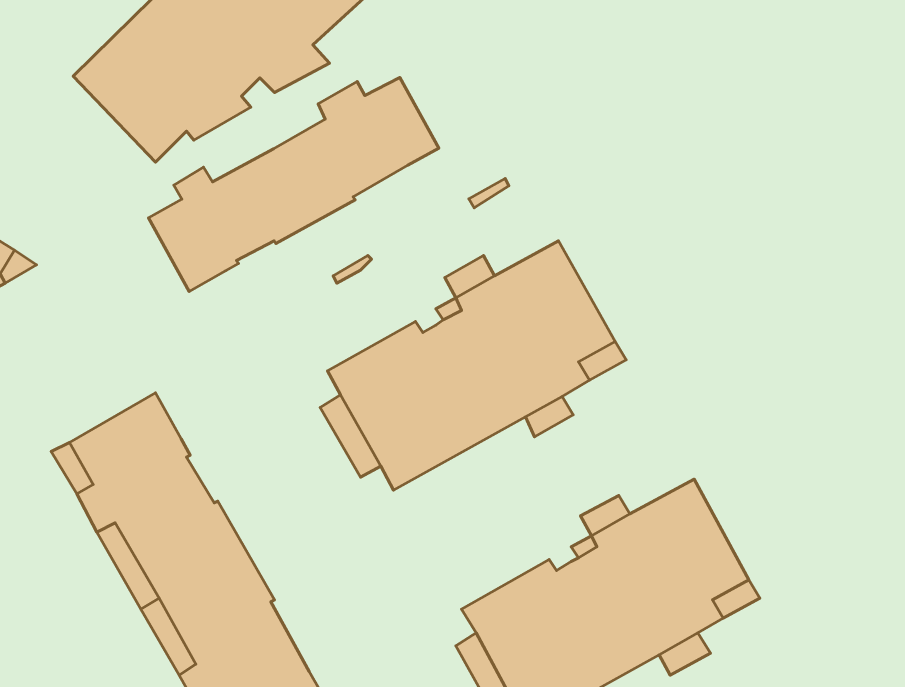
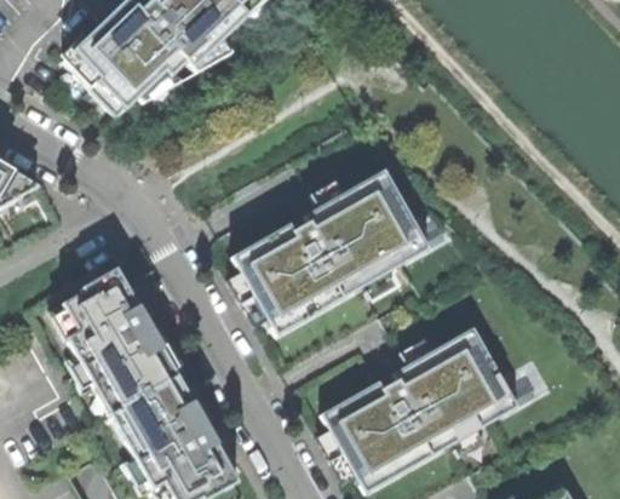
building: [148,77,439,292] -> none

